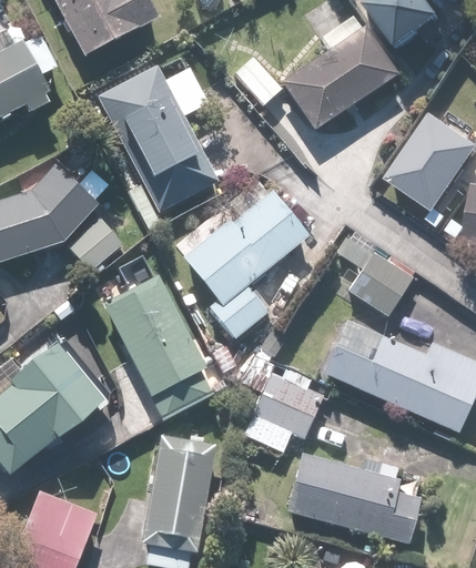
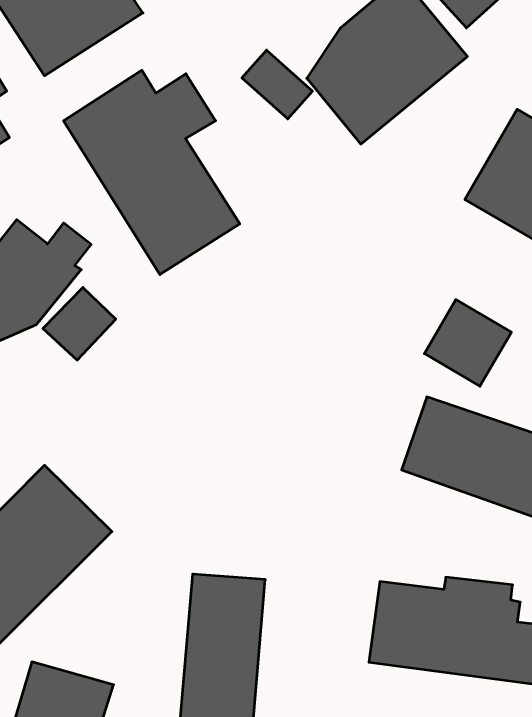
building: [184,189,308,342] -> none
building: [102,274,219,419] -> none
building: [243,364,322,453] -> none

